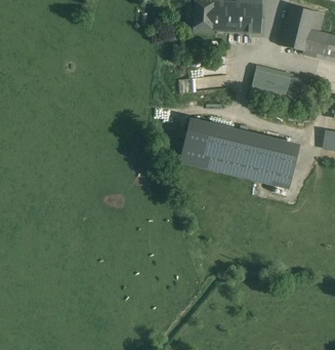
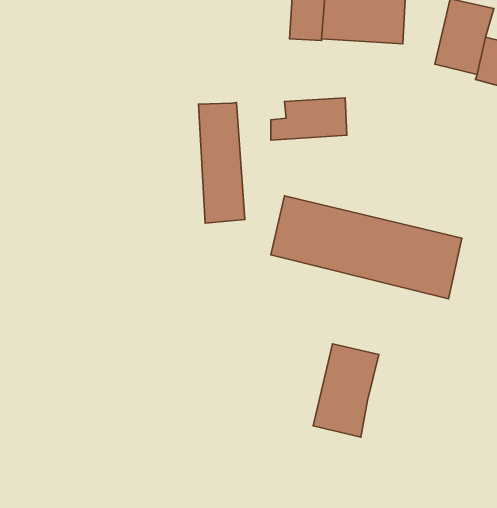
building: [252,67,304,104] -> none
building: none -> [199,102,245,223]
building: none -> [313,344,379,437]

